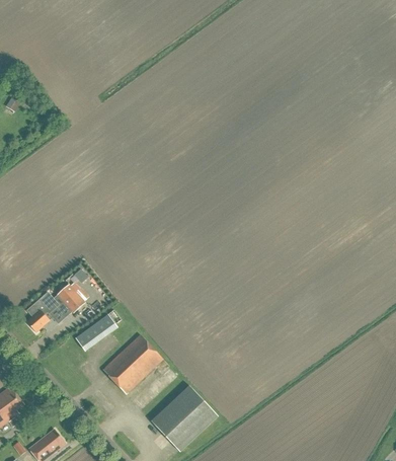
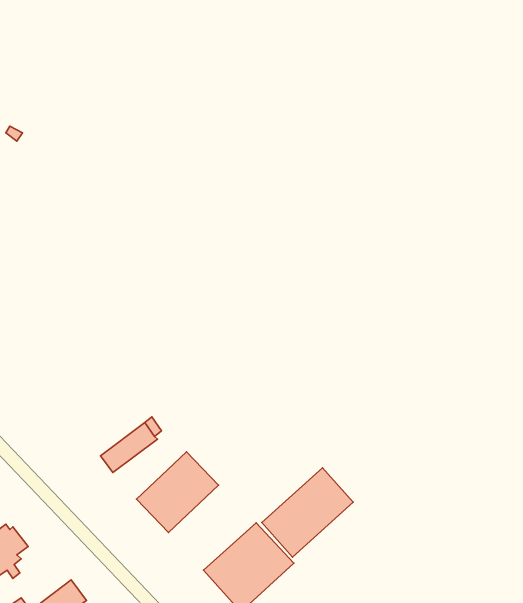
building: [56,284,84,313] -> none
building: [26,291,59,331] -> none
building: none -> [262,468,353,557]

